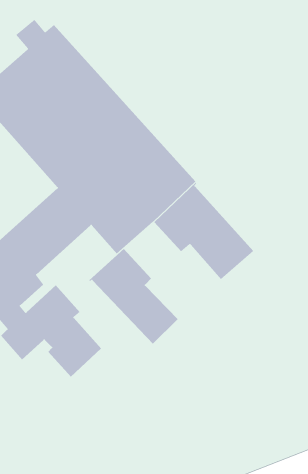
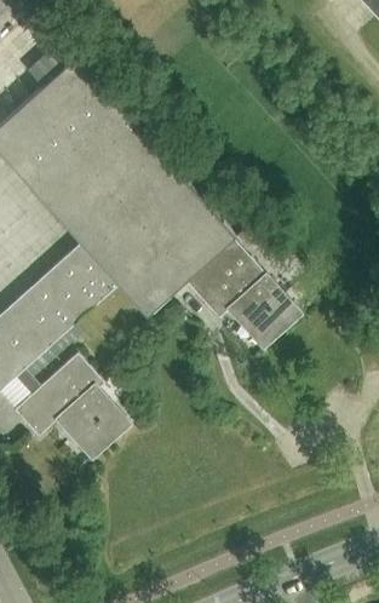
building: [88,248,178,345] -> none

